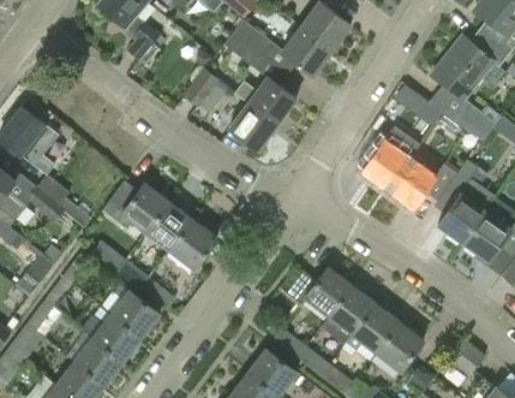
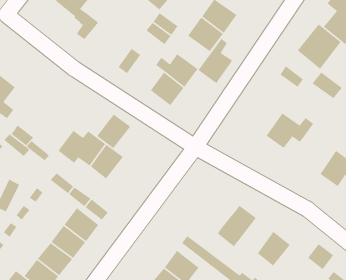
building: [363,127,412,191] -> [198,38,233,84]
building: [437,174,495,244] -> none
building: [169,220,217,269] -> [96,113,131,149]
building: [286,267,353,316] -> none
building: [353,304,400,354] -> none

